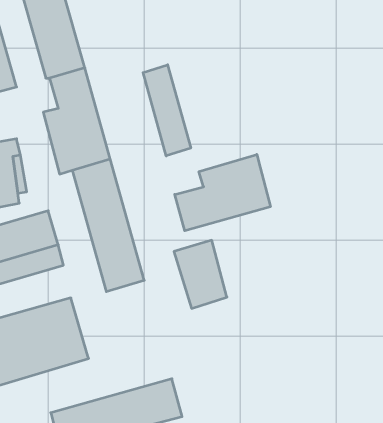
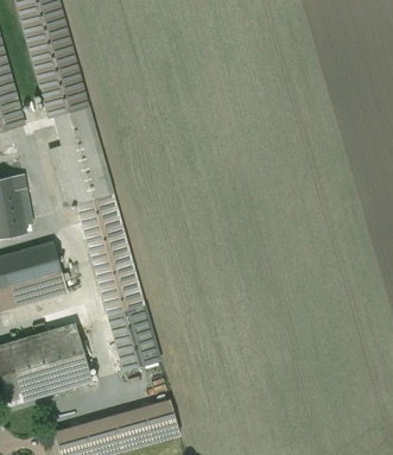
building: [143,65,191,156] -> none
building: [175,154,270,231] -> none
building: [174,240,227,308] -> [108,307,158,371]

